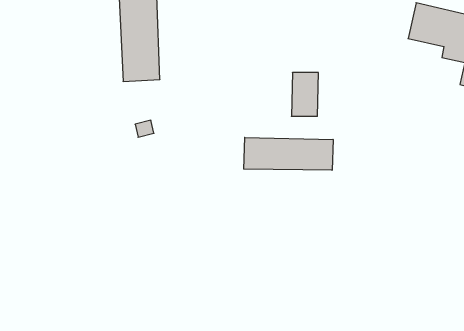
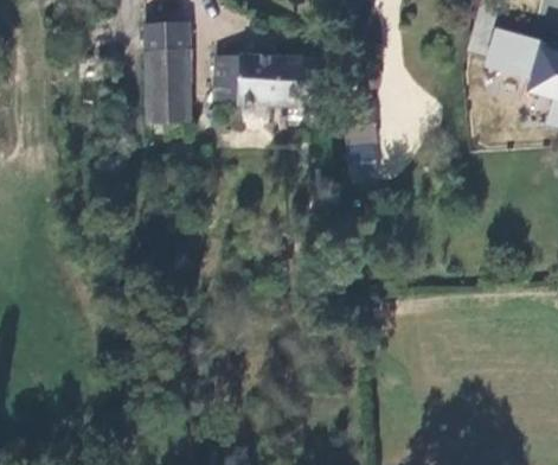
building: none -> [214,52,302,106]
building: [244,137,333,170] -> none

